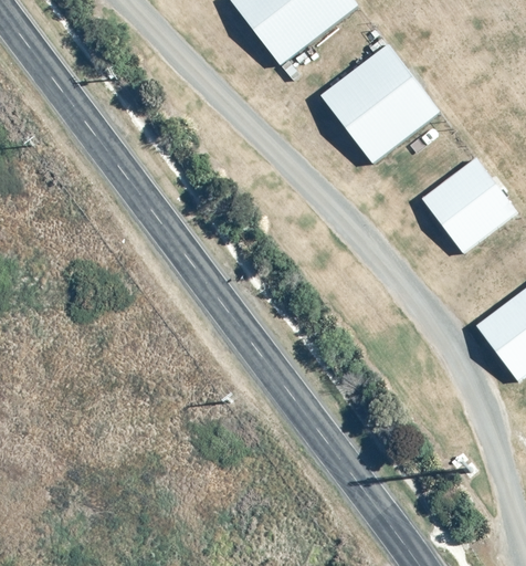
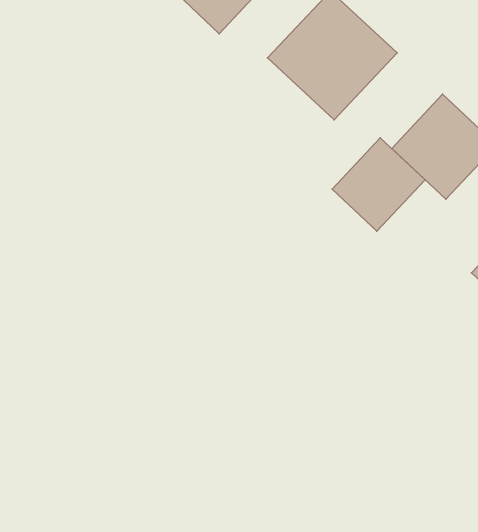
building: none -> [332,138,425,231]

